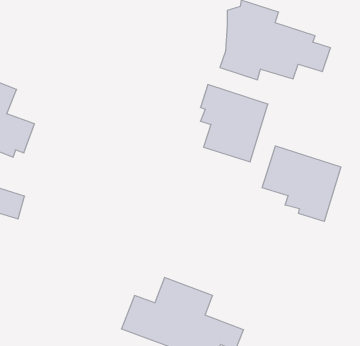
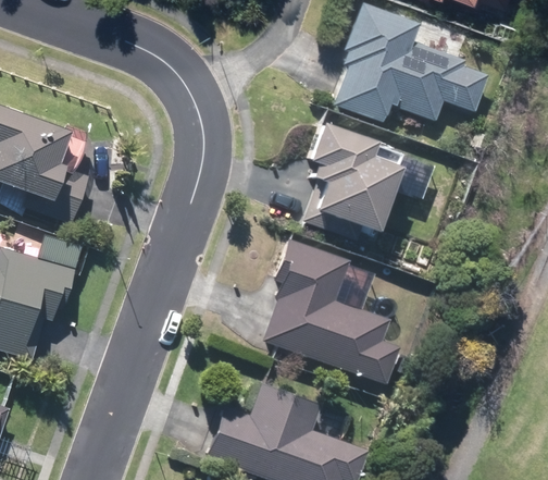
building: [262,146,341,221] -> none
building: none -> [266,248,395,379]

